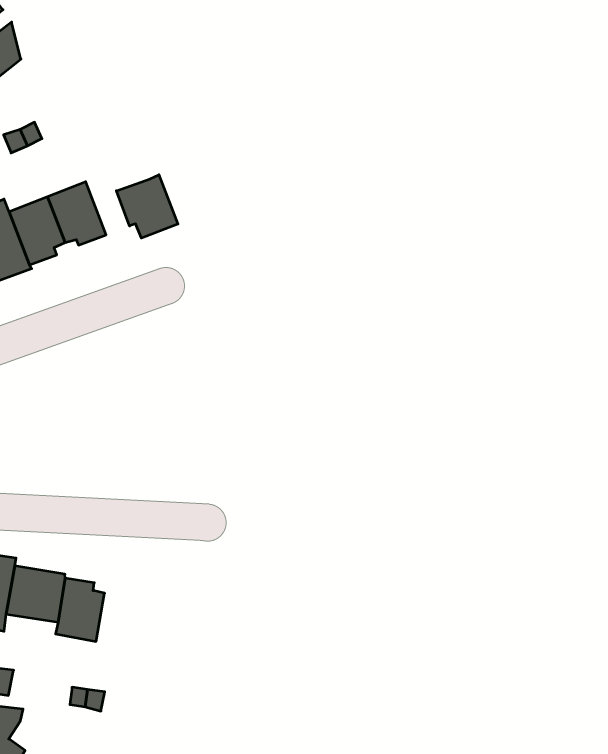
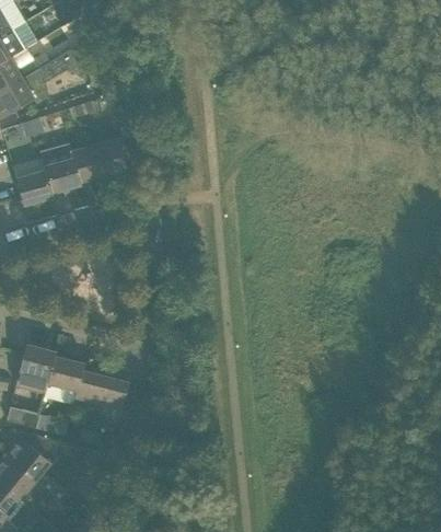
building: [116,175,178,238] -> none
building: none -> [97,373,129,409]

